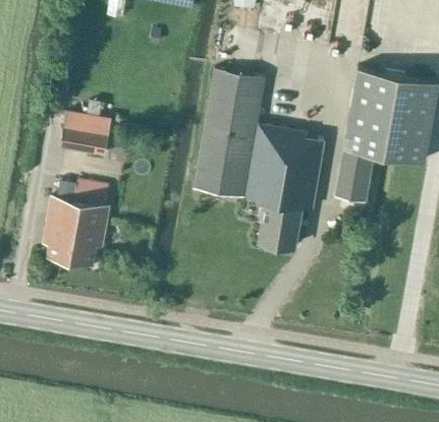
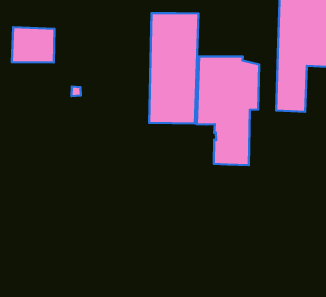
building: [59,111,111,156] -> [12,27,54,62]
building: [43,181,110,264] -> none

